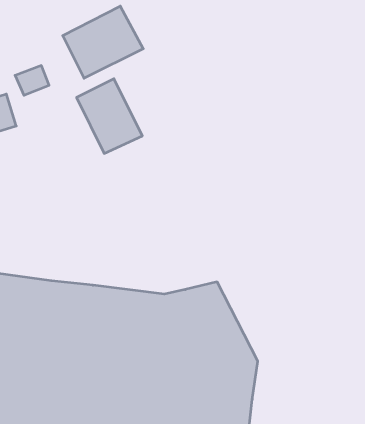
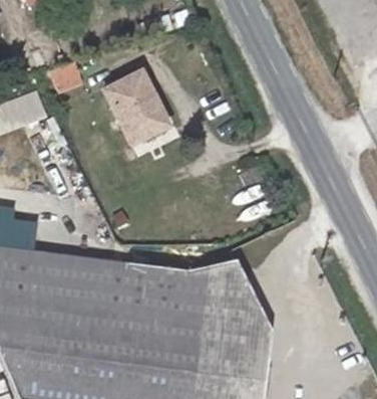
building: [63,6,143,78] -> none

